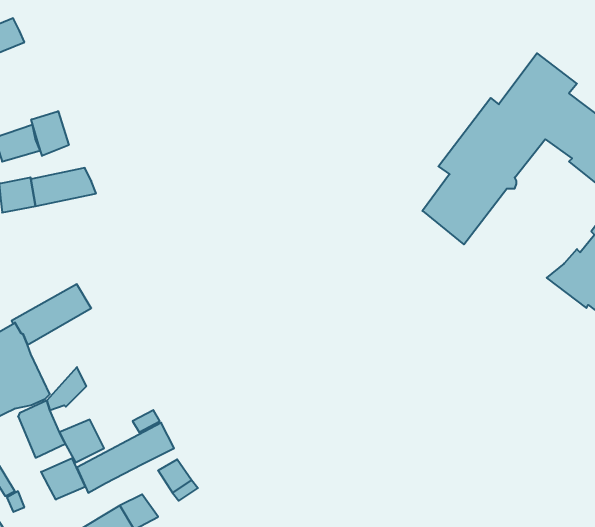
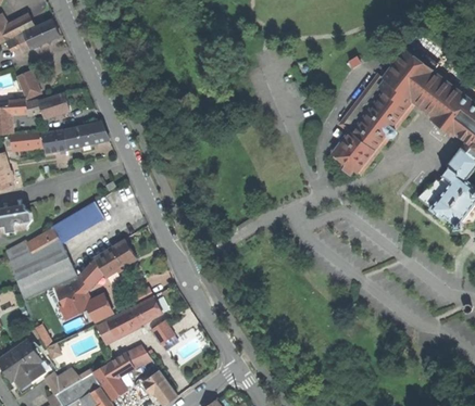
building: [31,111,69,156] -> none
building: none -> [96,241,136,277]
building: [41,458,85,500] -> none

